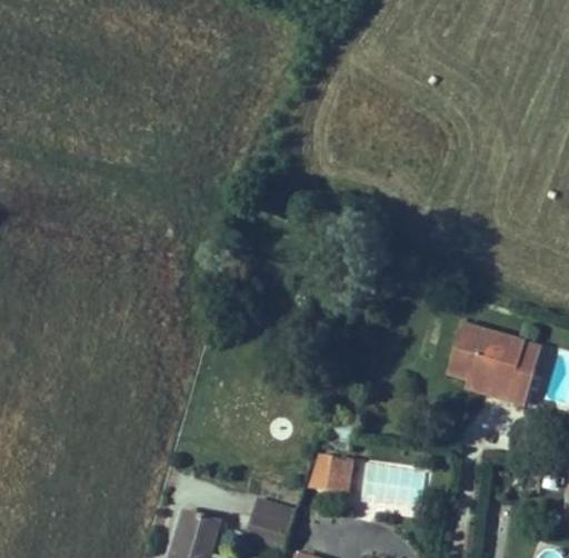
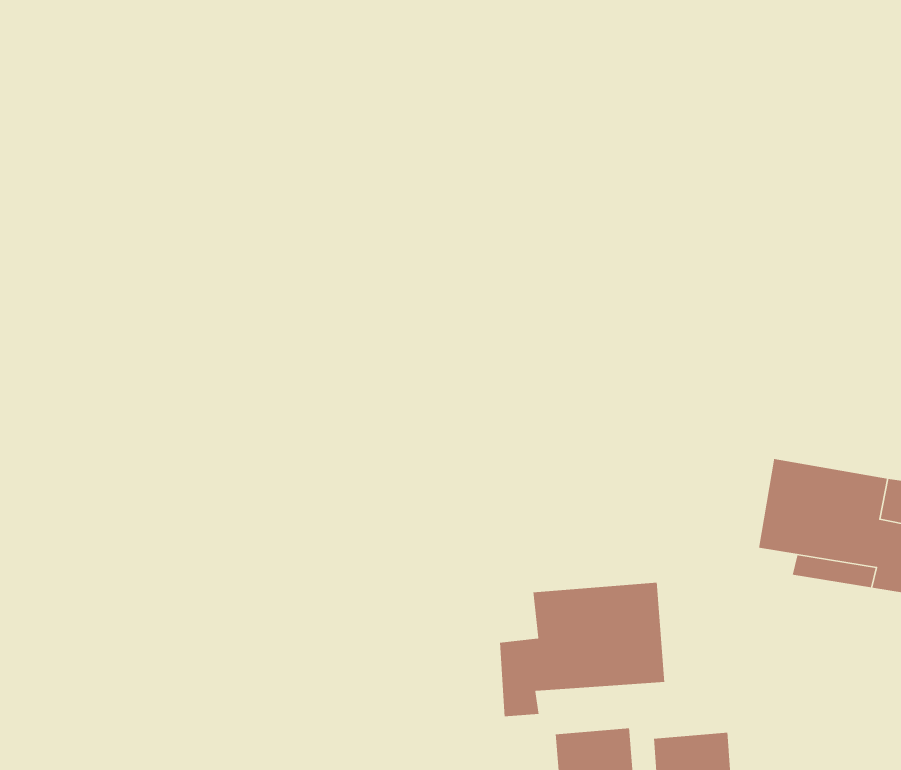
building: none -> [499,582,665,717]

